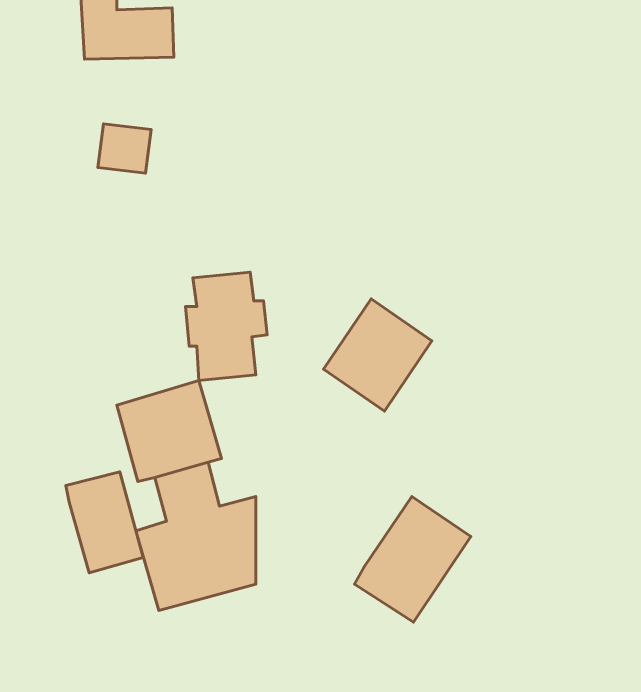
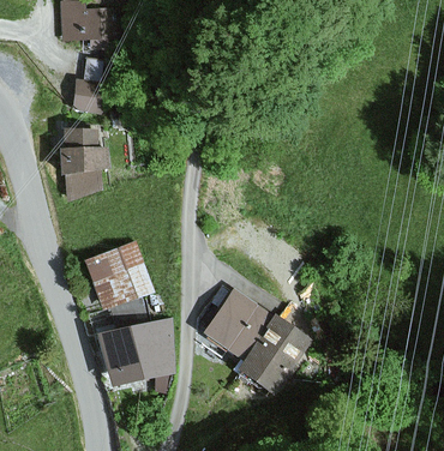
building: [185,272,267,381] -> [58,127,109,196]
building: [323,299,432,411] -> [203,289,271,360]
building: [66,472,143,573] -> none

